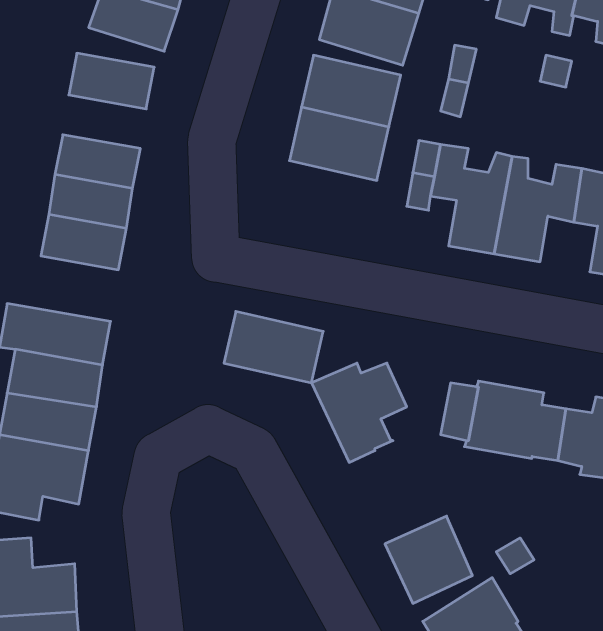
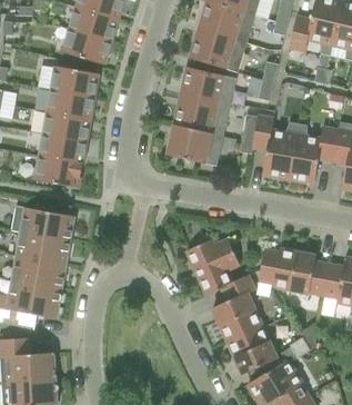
building: none -> [48,89,94,119]
building: [224,311,323,383] -> [168,126,223,166]
building: none -> [213,275,262,340]

